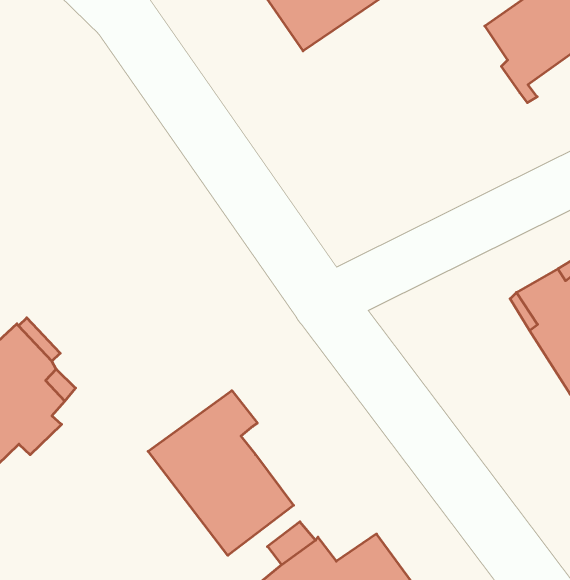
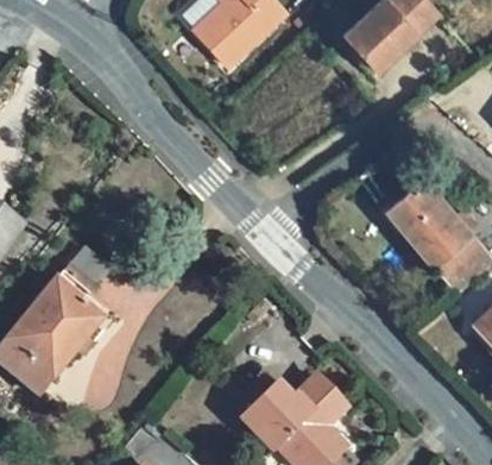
building: [148,391,294,555] -> none

